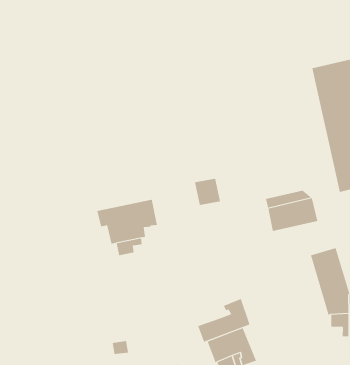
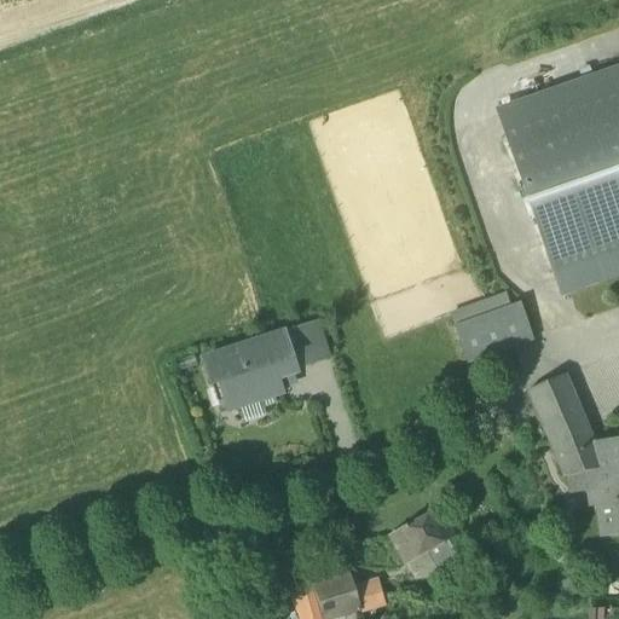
building: [194,178,221,206] -> [284,322,326,365]
building: [198,298,250,342] -> none

